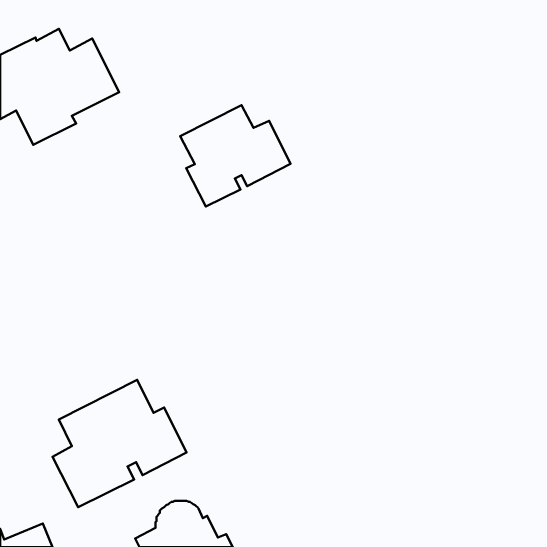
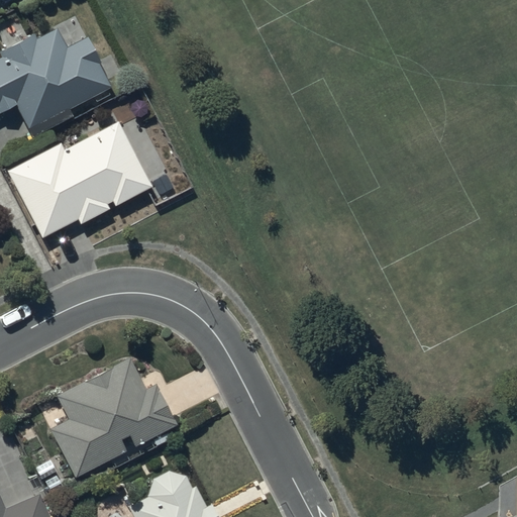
building: [180,105,291,207] -> none
building: none -> [6,121,151,238]

